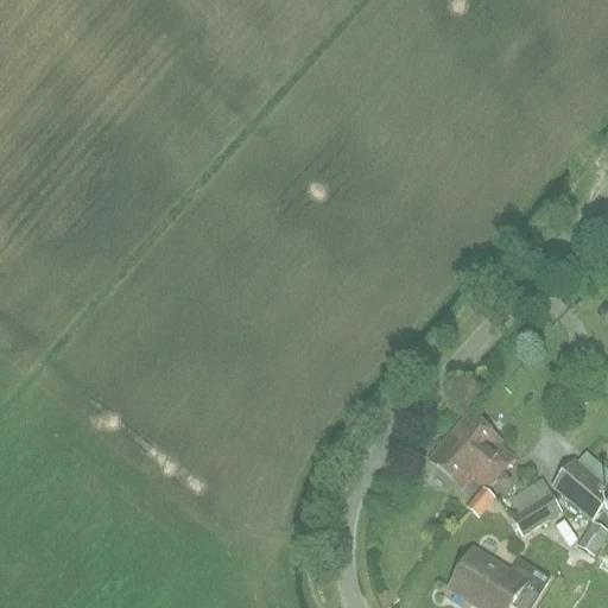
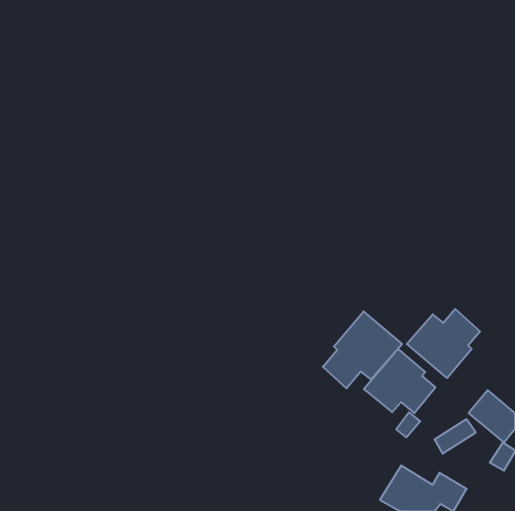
building: none -> [407,309,480,378]
building: none -> [323,311,402,388]

